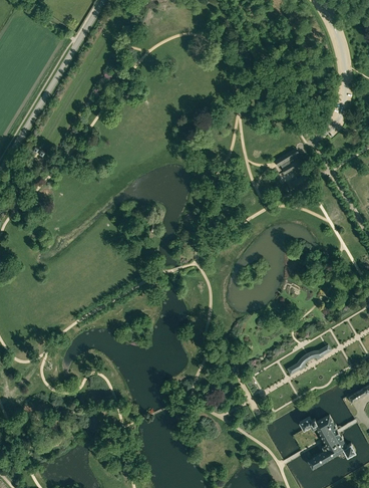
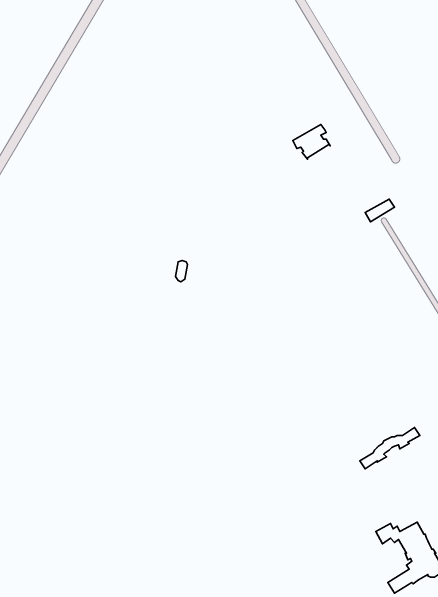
building: [276,149,304,175] -> [293,125,330,159]

